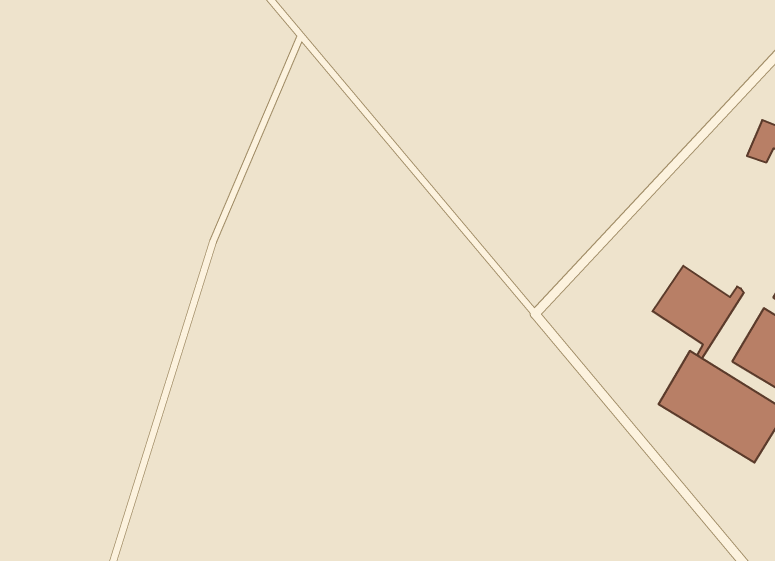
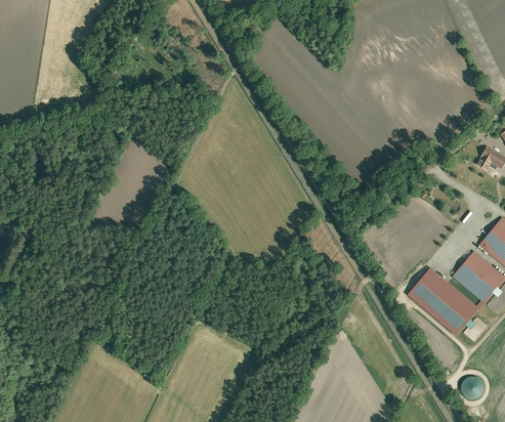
building: [652,266,744,358] -> none

